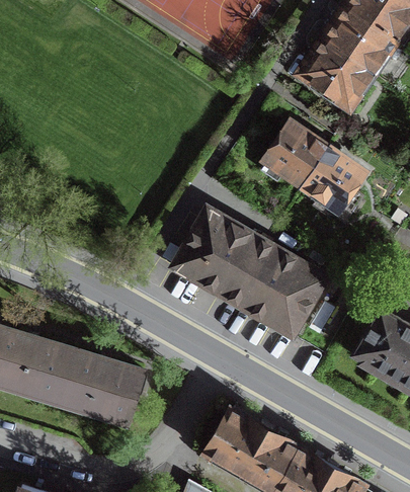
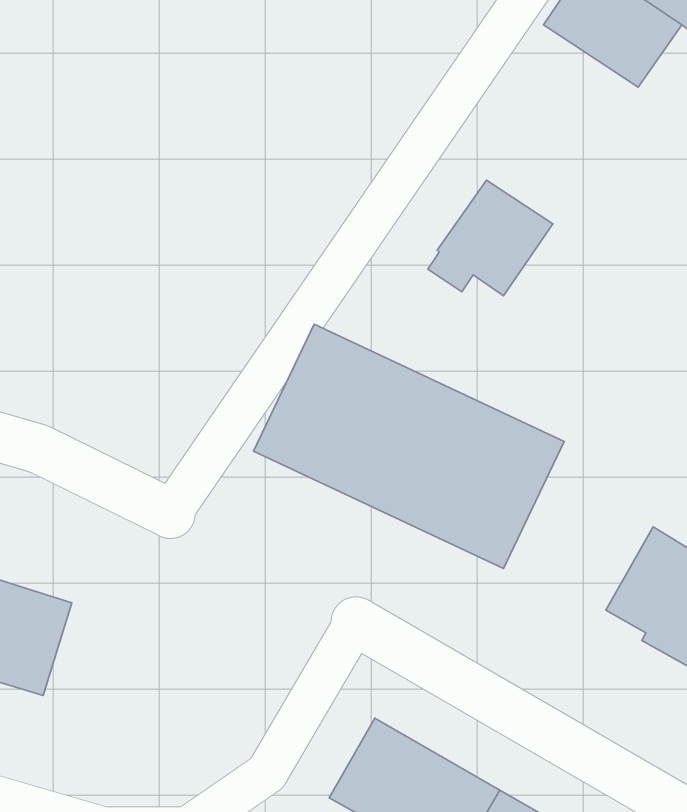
building: [299,42,373,109] -> none
building: [301,148,363,219] -> none
building: [55,350,145,423] -> none

